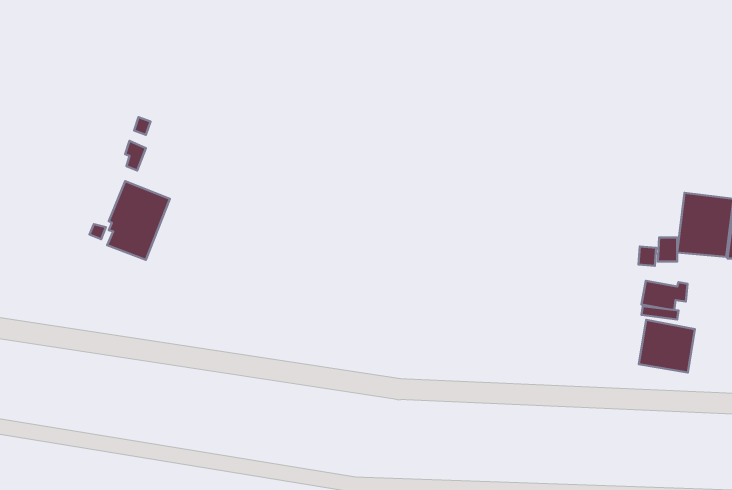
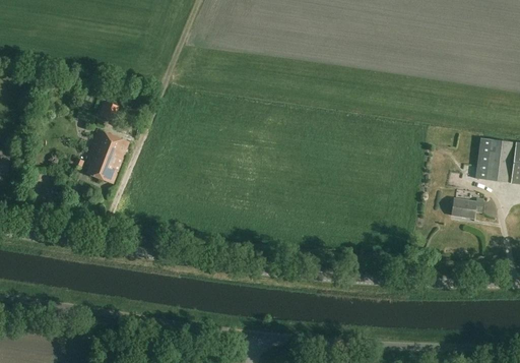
building: [639,320,695,373] -> none

